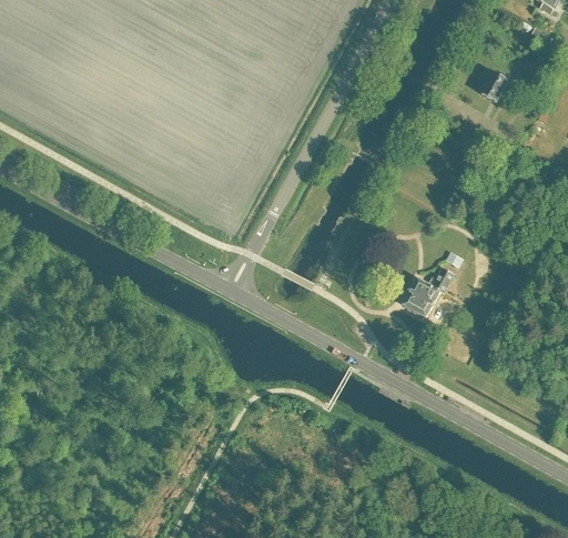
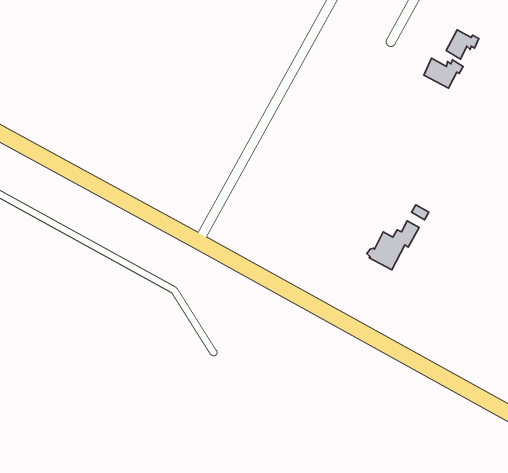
building: none -> [424,58,463,88]

